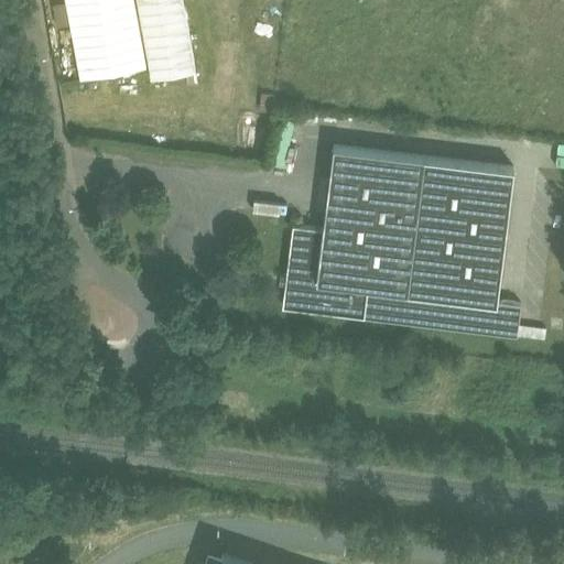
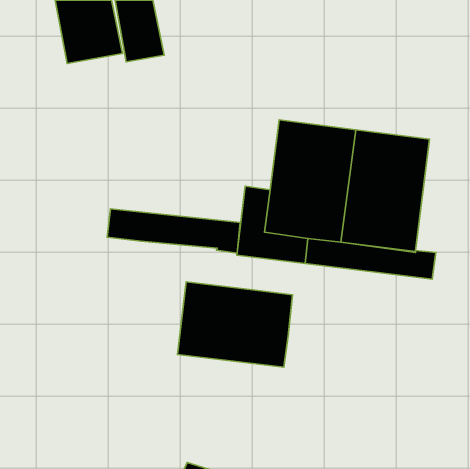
building: none -> [107,209,240,253]
building: none -> [177,282,292,367]

